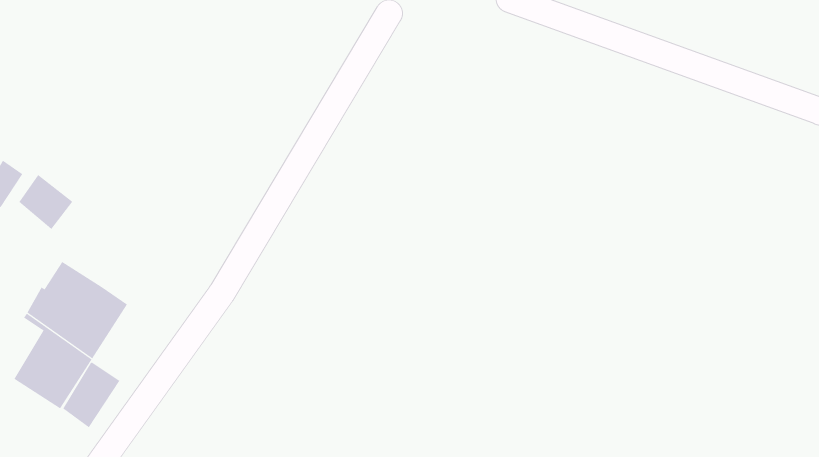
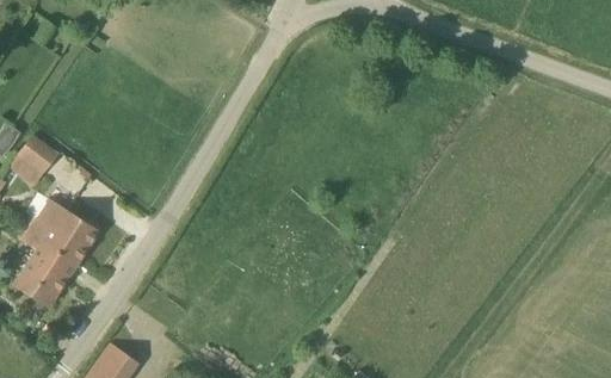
building: [63,362,120,428] -> none

